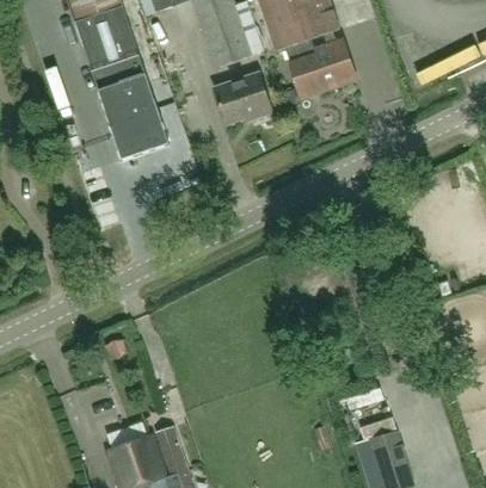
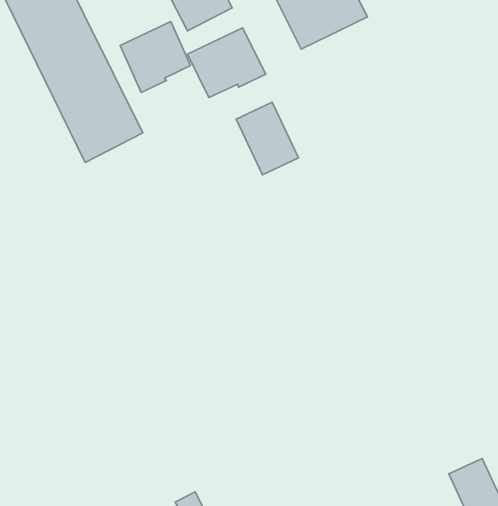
building: none -> [120,22,191,93]
building: none -> [236,102,298,175]

